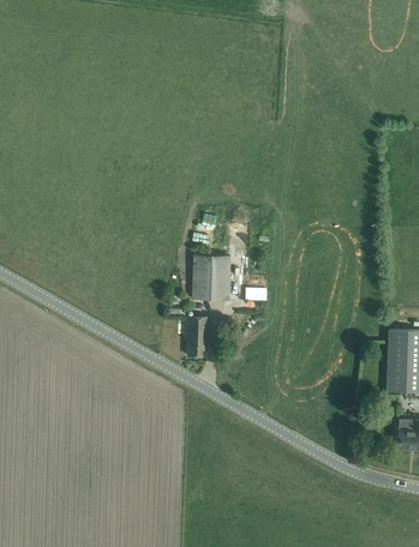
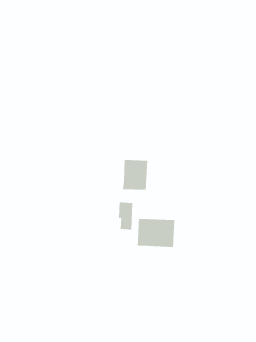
building: none -> [137,218,175,248]

